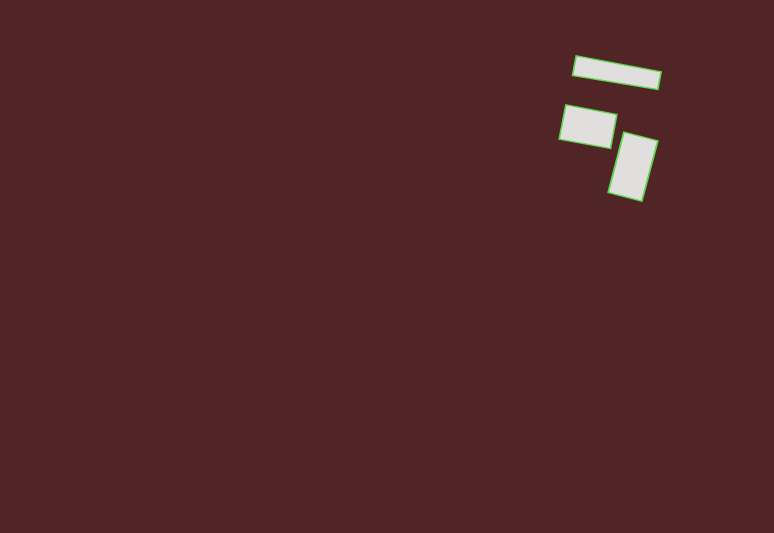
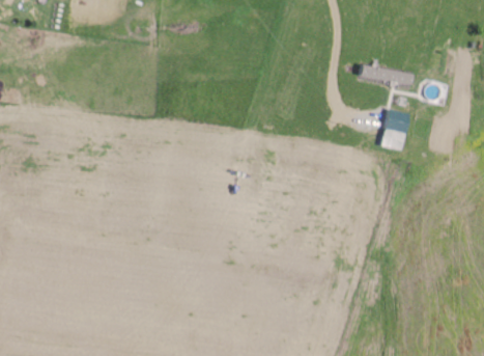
building: [559,105,617,149] -> none

